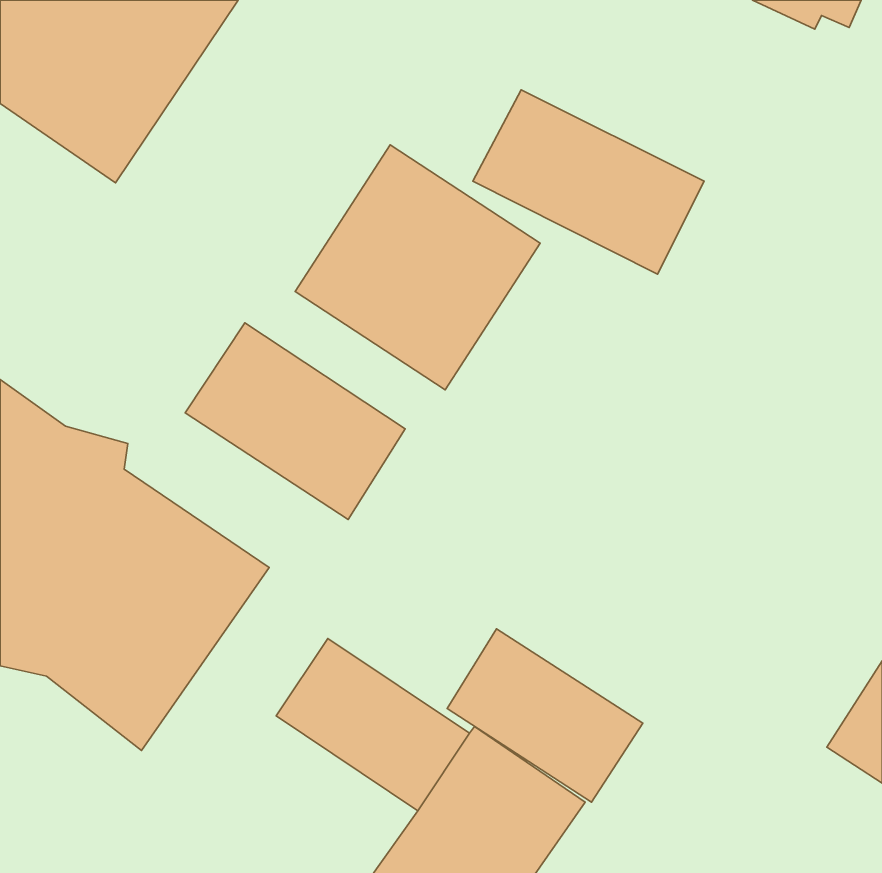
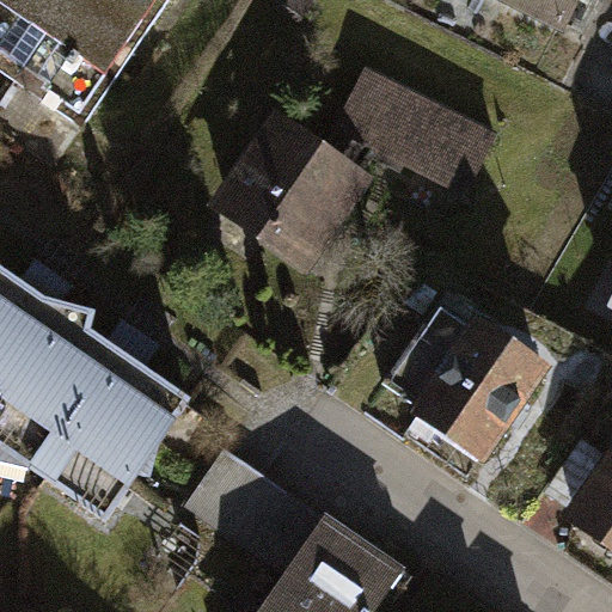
building: [185,323,405,519] -> none
building: none -> [380,294,552,457]
building: [447,629,643,802] -> none

